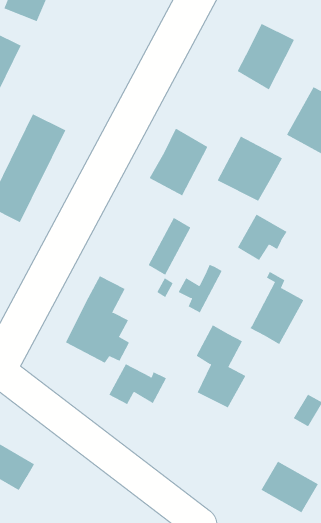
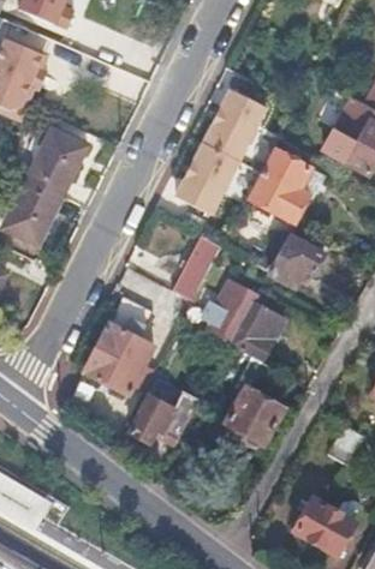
building: [237,23,295,90] -> [203,90,266,162]
building: [249,271,304,345] -> [227,283,286,363]

